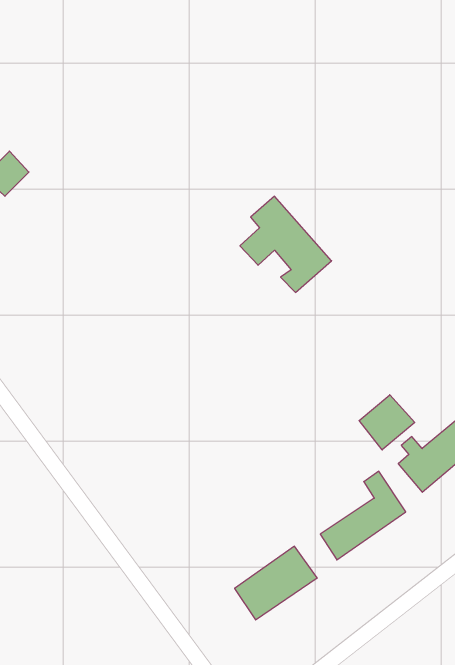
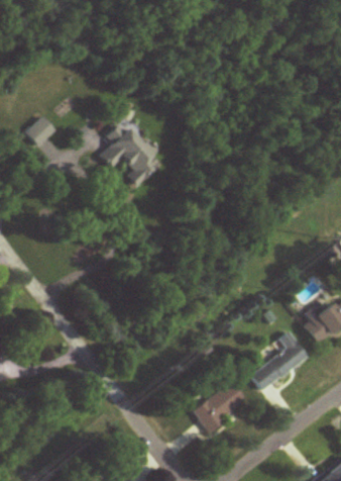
building: [240,196,332,292] -> [98,122,159,187]
building: [359,395,415,450] -> none

